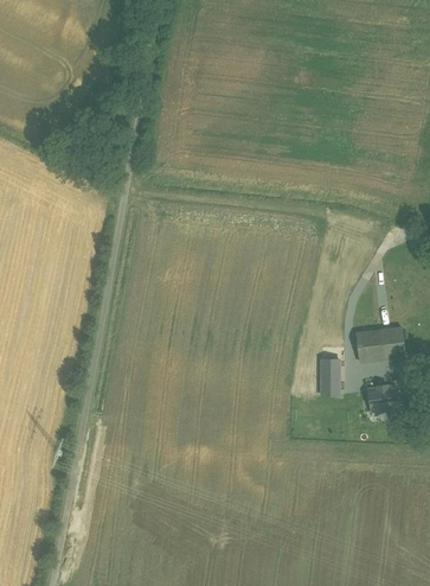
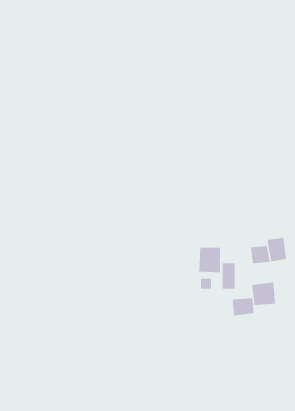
building: none -> [199,247,220,273]
building: none -> [232,297,254,316]

